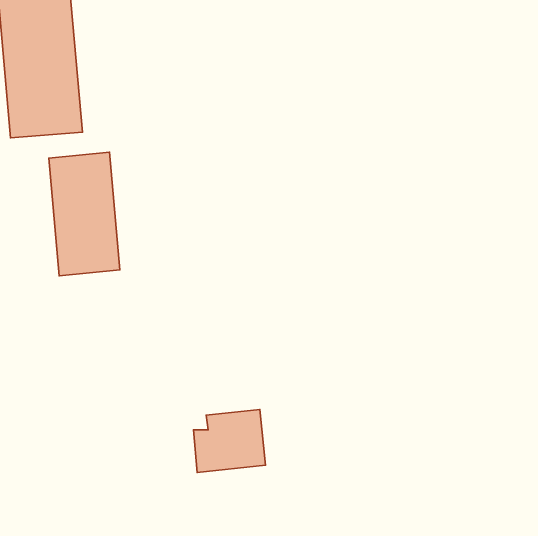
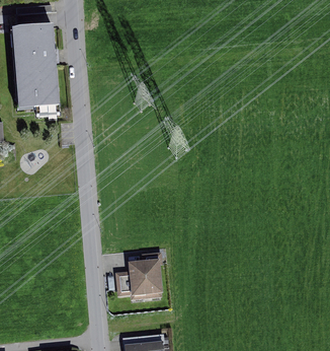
building: [49,152,120,276] -> none

